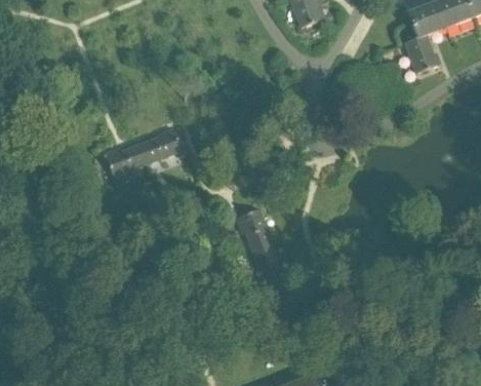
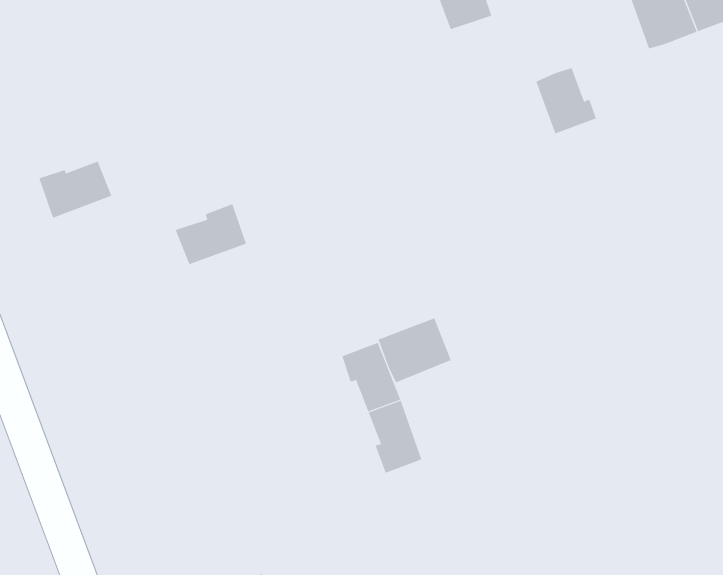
building: [405,36,441,75] -> [535,68,597,134]
building: [105,145,148,179] -> [39,161,112,219]
building: none -> [378,318,452,383]

